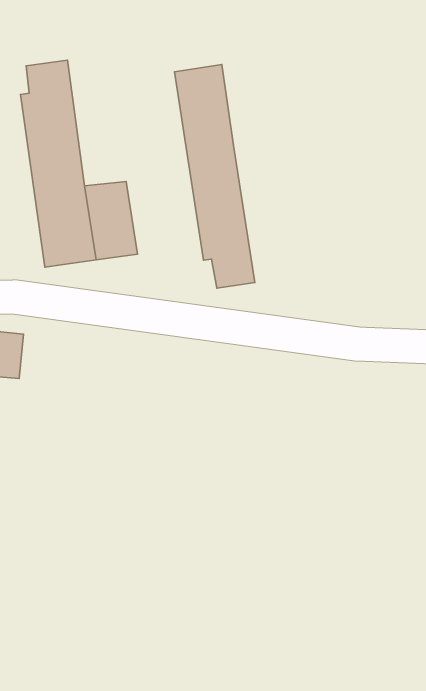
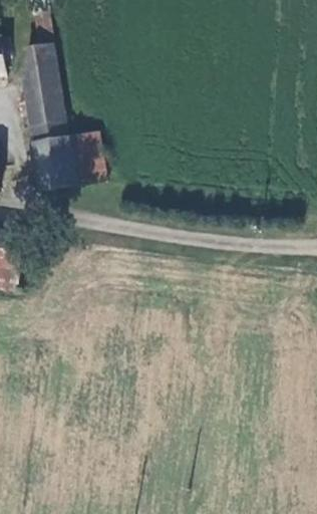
building: [175,64,255,288] -> none

